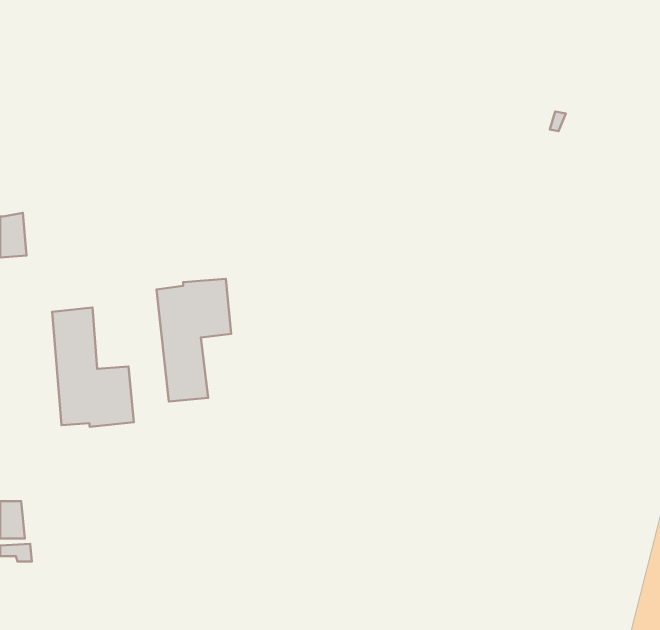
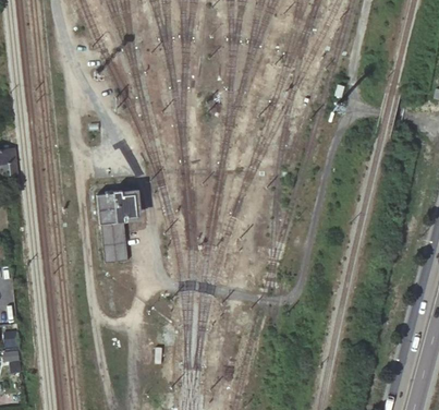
building: [52,308,134,427] -> none

